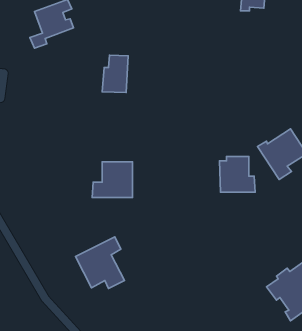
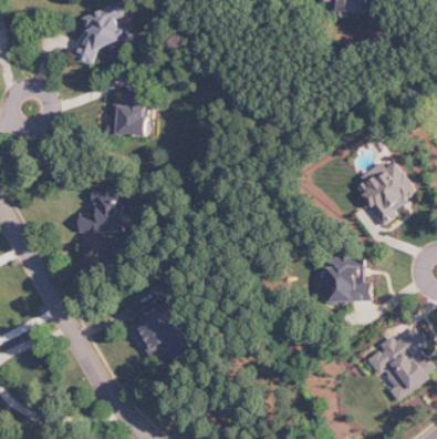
building: [102,55,128,93] -> [114,90,146,136]
building: [219,156,255,192] -> [325,258,370,303]
building: [92,162,133,197] -> [76,188,126,233]

